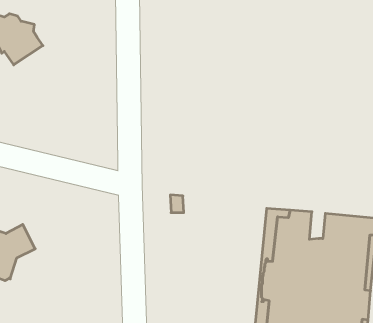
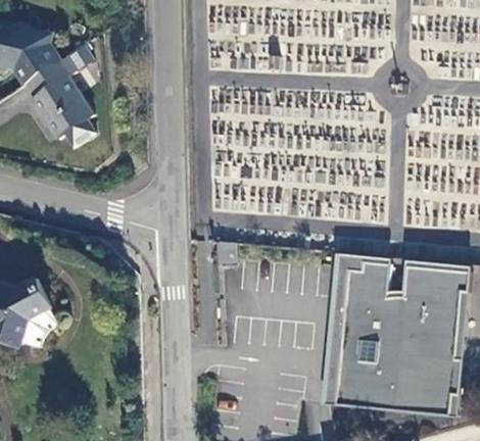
building: none -> [28,56,96,148]

